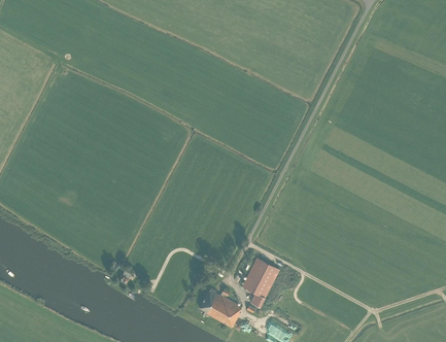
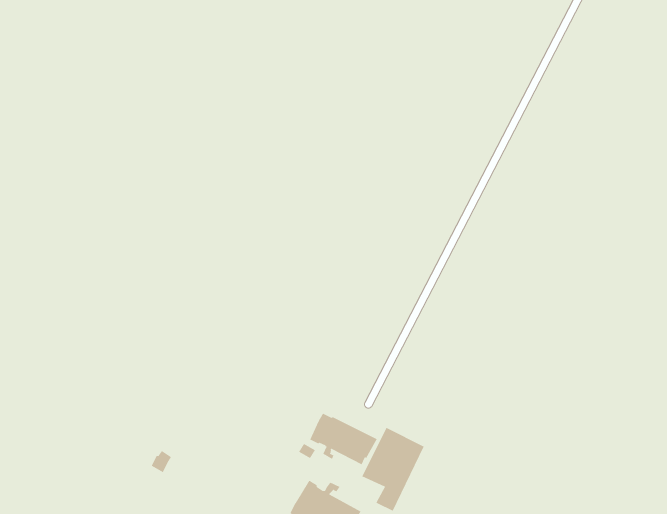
building: none -> [309,413,377,465]

